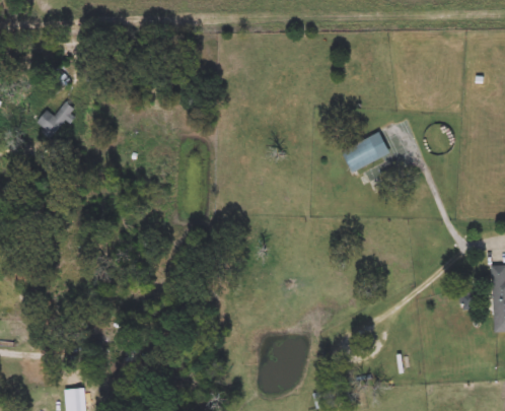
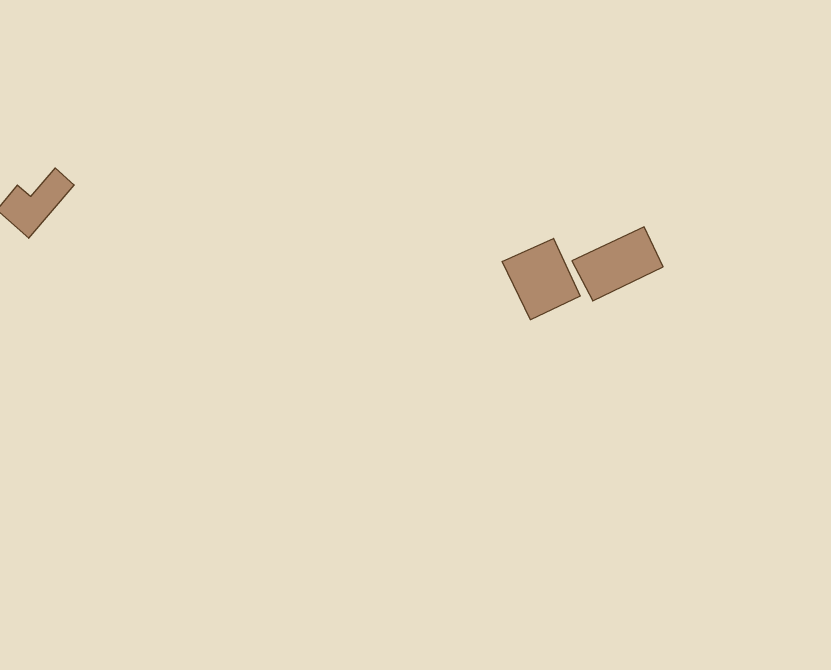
building: none -> [502,238,580,320]

